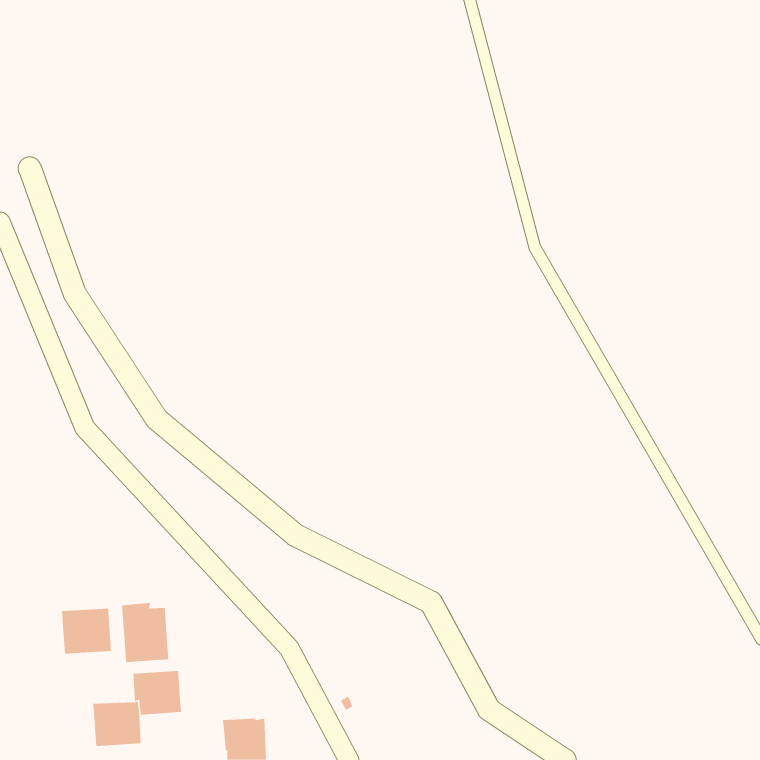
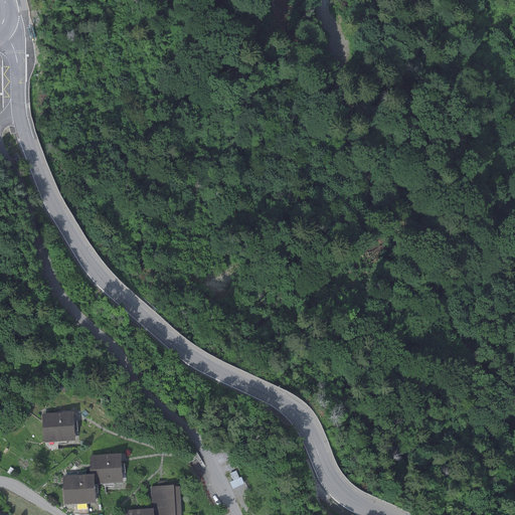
building: [121,602,169,663] -> none

